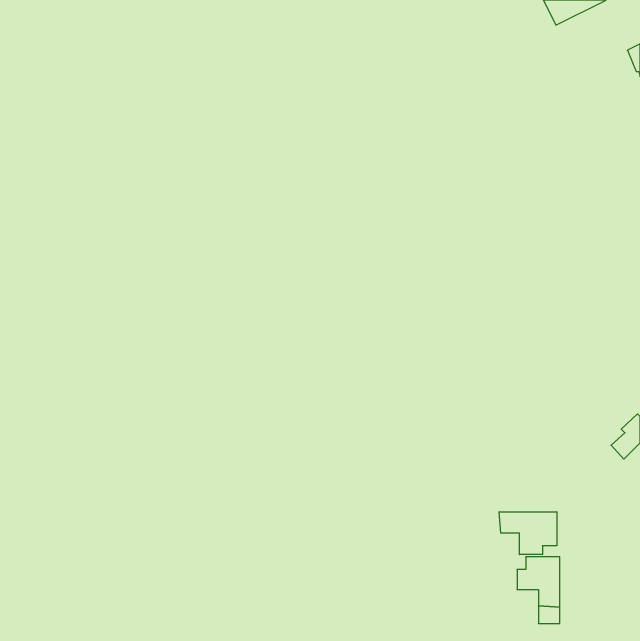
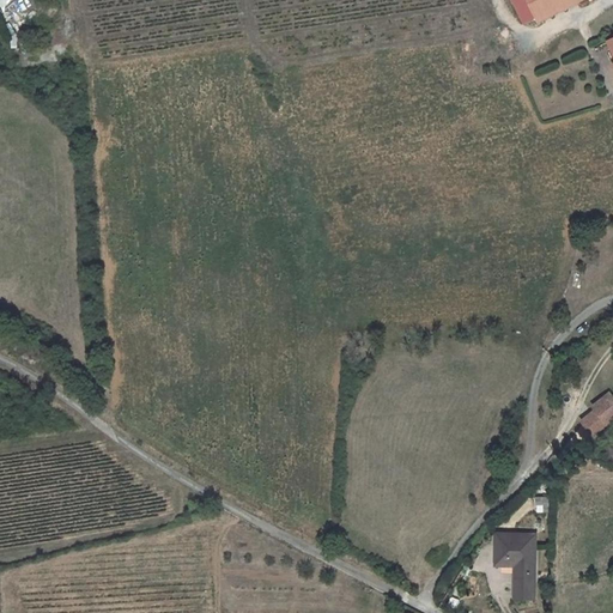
building: [499,512,557,555] -> none

